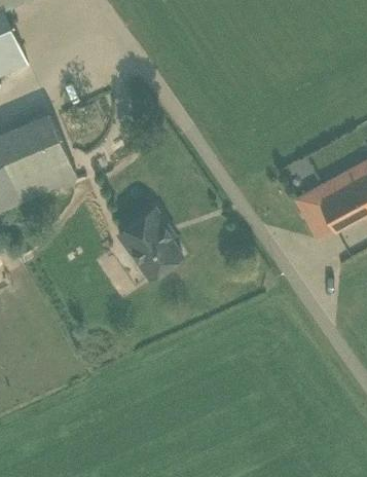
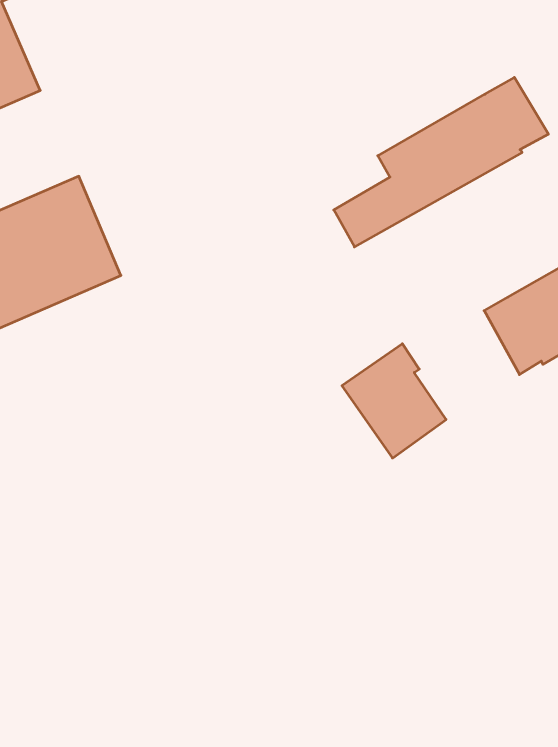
building: none -> [334,77,548,247]
building: [118,210,182,280] -> [342,344,446,458]

